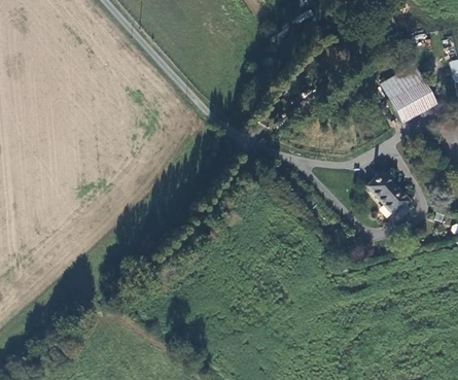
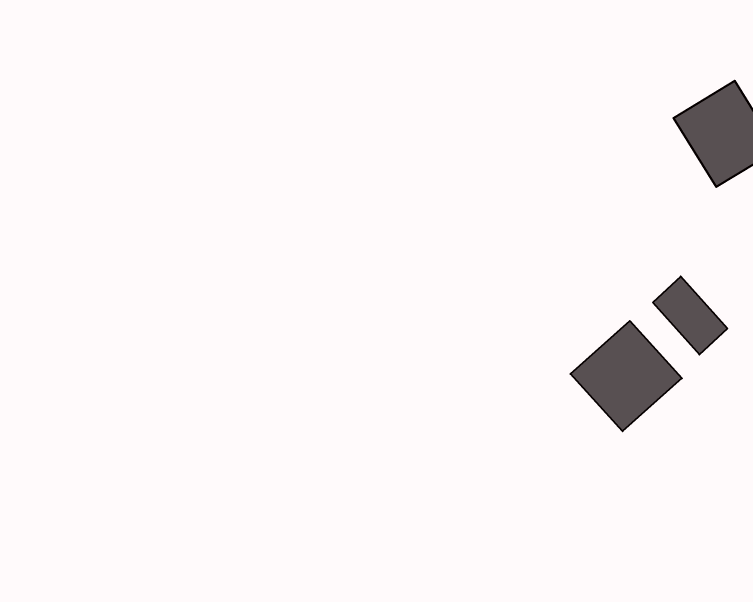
building: none -> [570,321,682,431]

